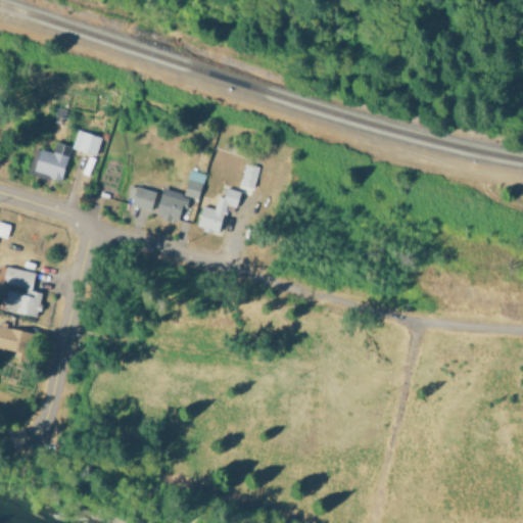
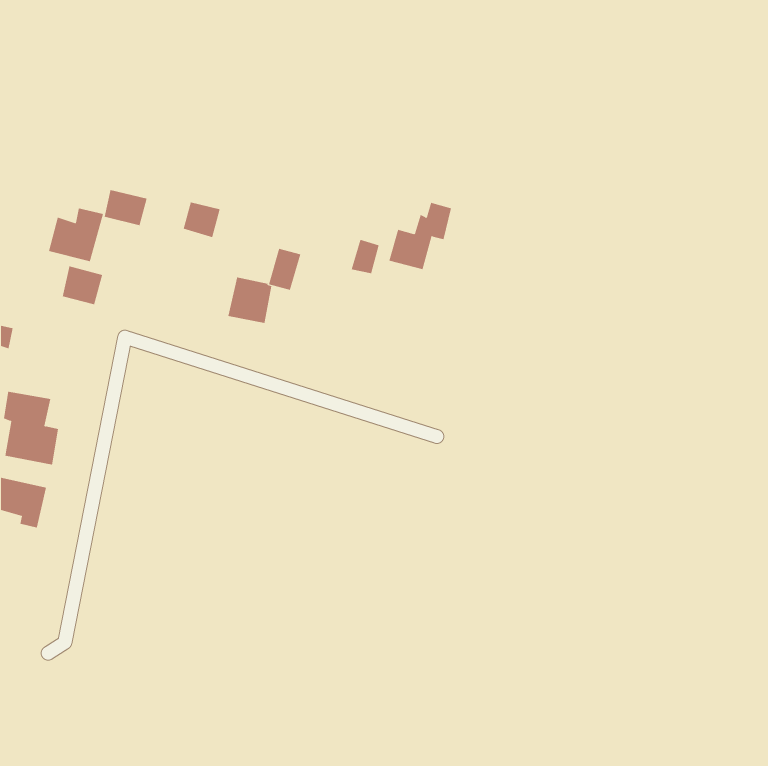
building: none -> [62,266,103,305]
building: [132,187,157,211] -> [183,202,220,238]
building: [197,188,240,234] -> [388,202,452,270]

